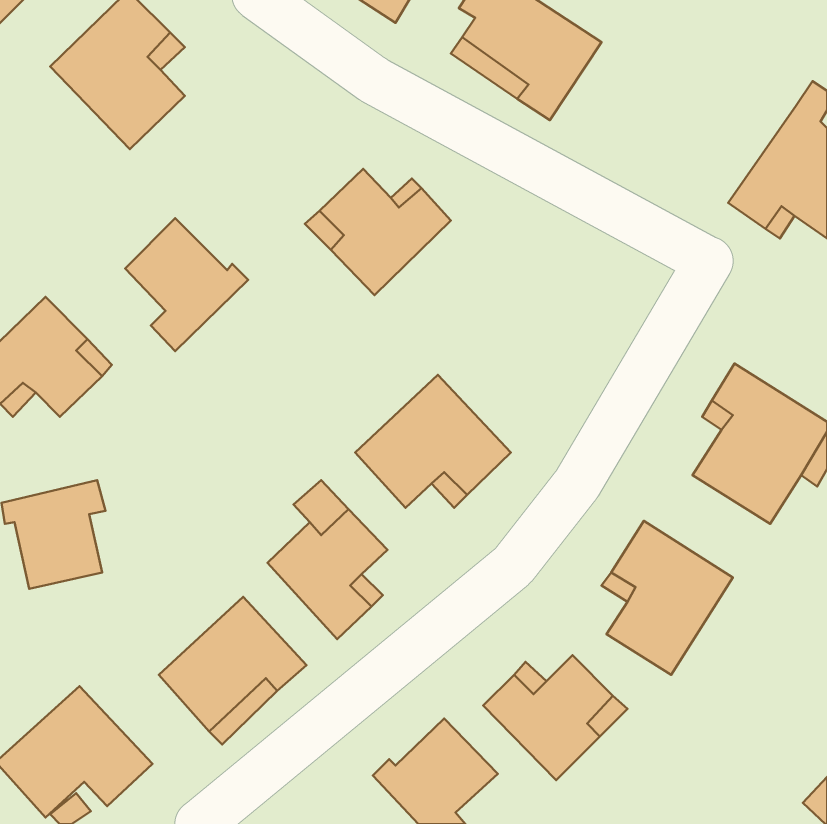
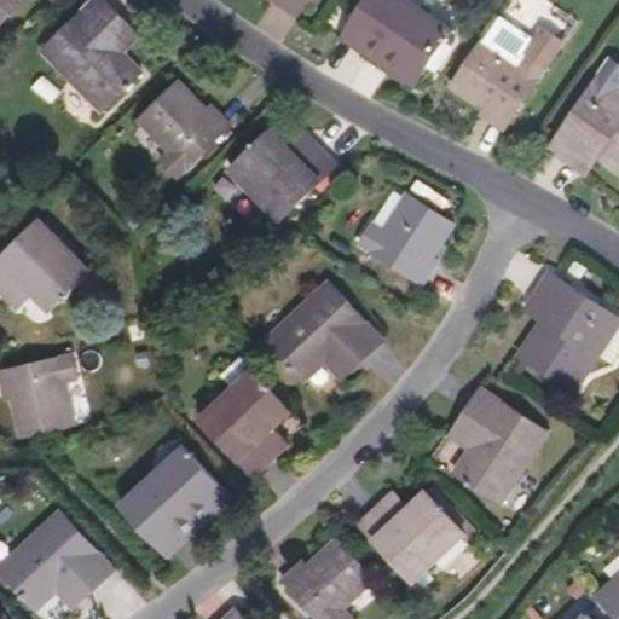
building: none -> [451,13,565,128]
building: [125,218,248,351] -> [137,79,228,178]
building: none -> [358,191,452,283]

